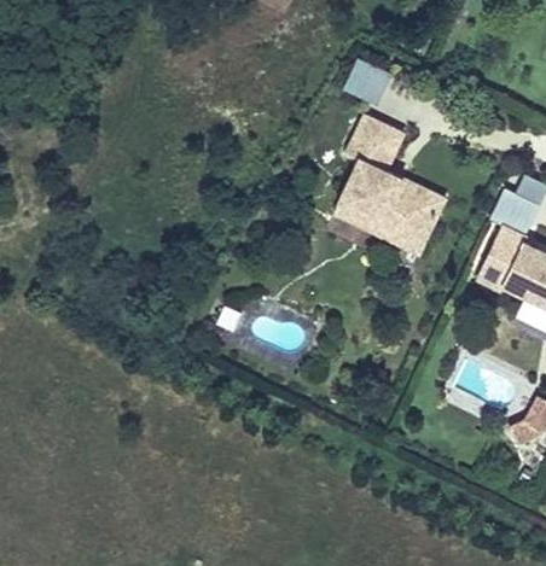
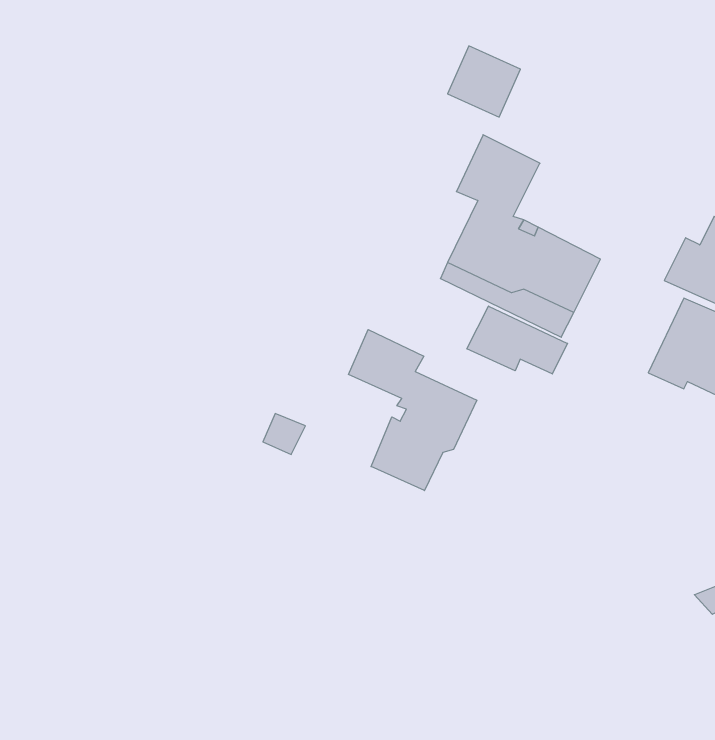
building: none -> [467,306,568,374]
building: none -> [348,330,477,491]

